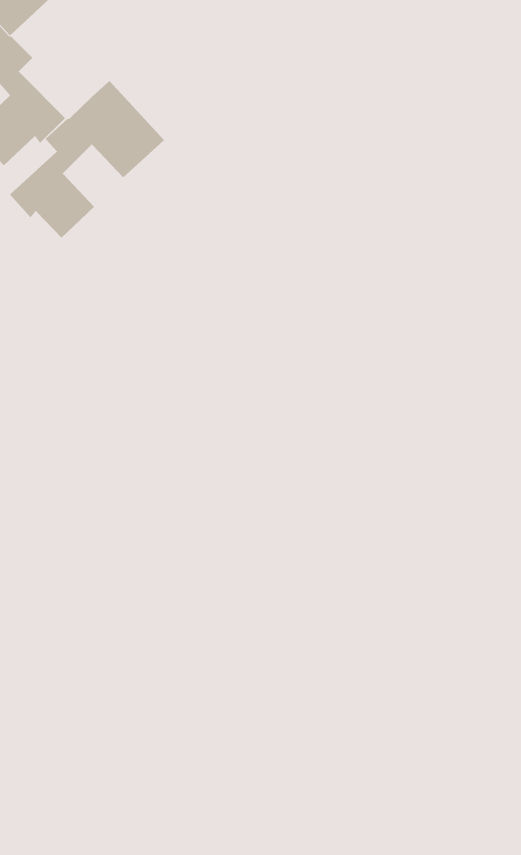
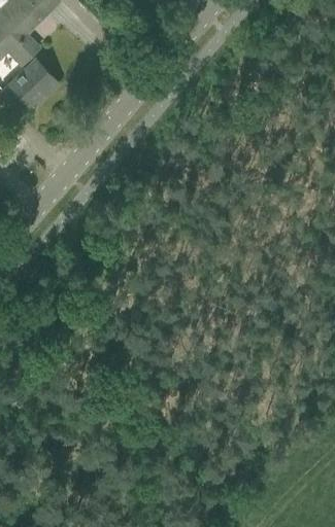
building: [9,80,165,239] -> none

